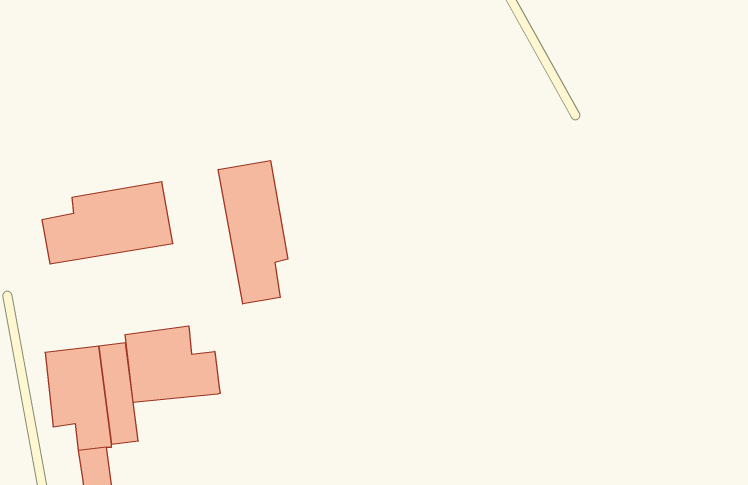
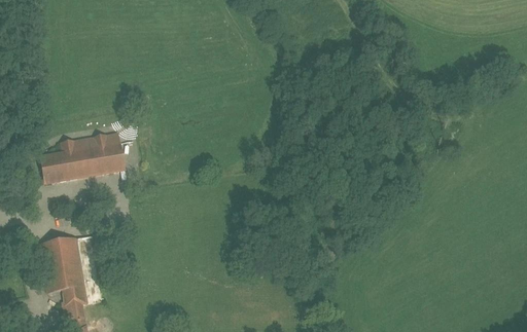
building: [218,161,288,304] -> none
building: [125,326,220,403] -> none

